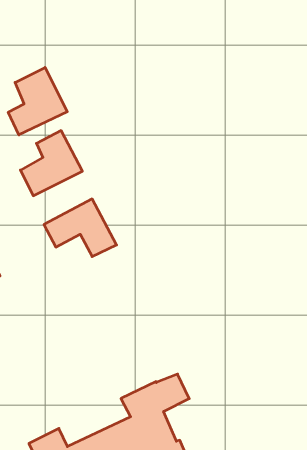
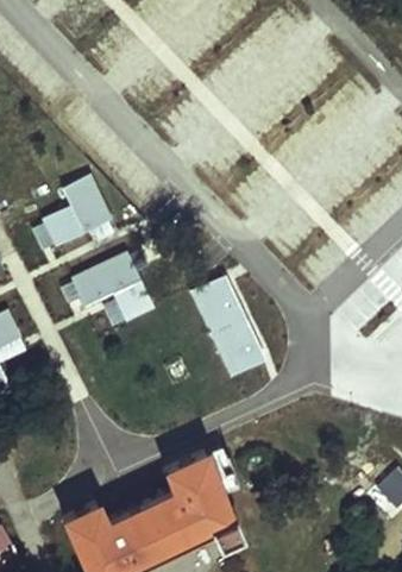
building: [8,67,67,135] -> none
building: none -> [186,278,268,381]

